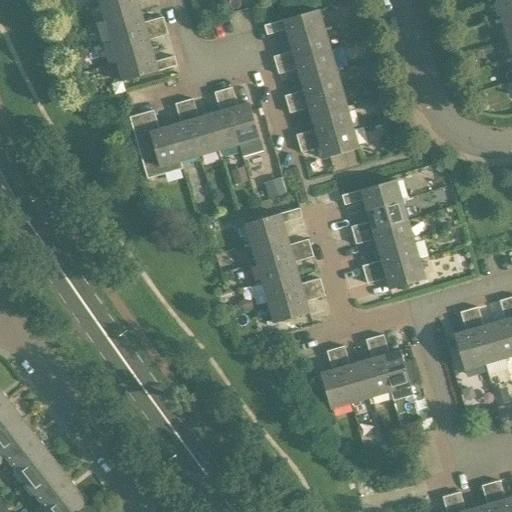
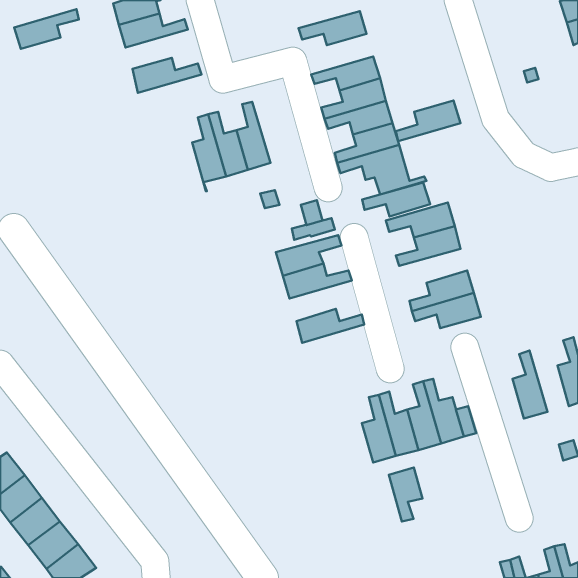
building: [111,26,168,61] -> [14,9,79,49]
building: [273,30,330,66] -> [396,101,460,141]
building: [223,87,263,156] -> none
building: [129,110,182,179] -> none
building: [353,220,413,250] -> [362,183,430,216]
building: [256,248,313,284] -> none
building: [267,287,325,324] -> none
building: [468,307,503,364] -> none
building: none -> [389,467,422,522]

